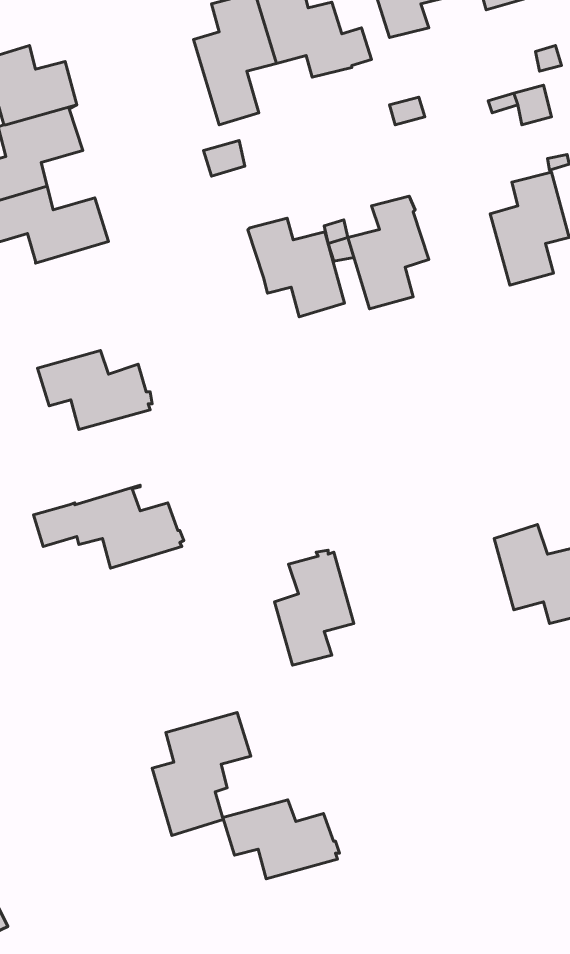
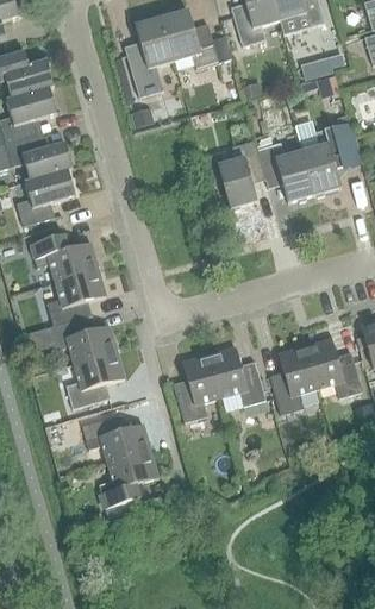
building: [248,218,345,317] -> [256,143,314,202]
building: none -> [15,168,75,226]
building: none -> [46,269,105,326]
building: none -> [268,345,317,415]
building: none -> [208,347,265,407]
building: none -> [65,351,124,408]
building: [223,800,339,879] -> [81,415,151,463]

